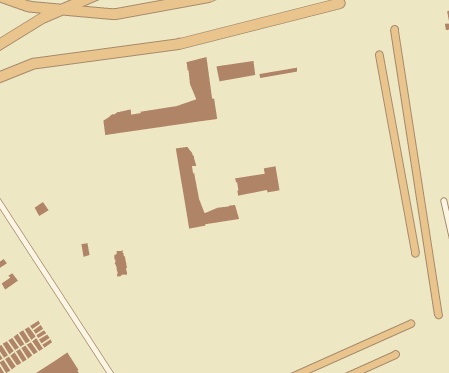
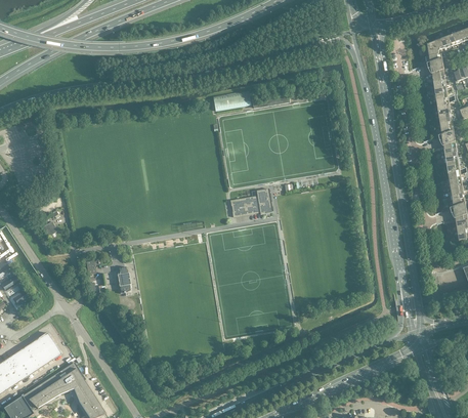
building: [103,56,218,136] -> none
building: [175,146,240,229] -> none

